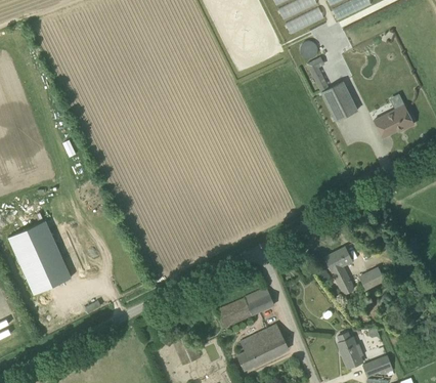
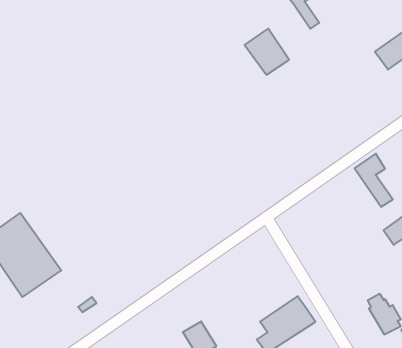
building: [320,81,357,121] -> [245,29,289,75]
building: [324,247,354,294] -> [355,154,393,207]
building: [215,288,274,328] -> none

